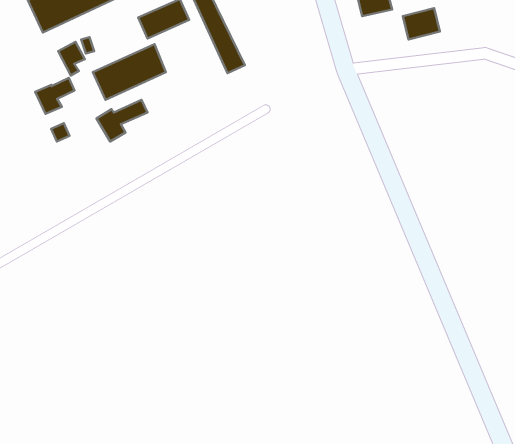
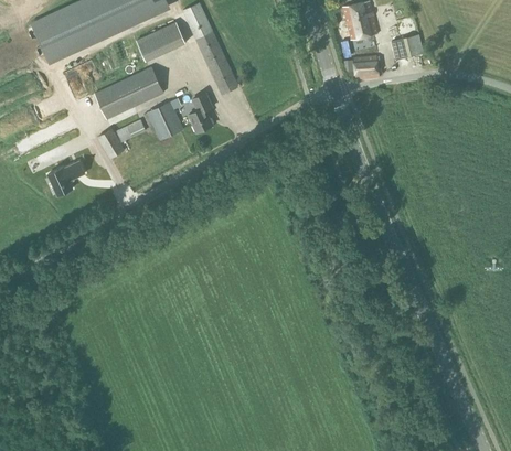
building: none -> [352,55,380,79]
building: none -> [189,93,213,132]
building: [35,78,75,114] -> [47,161,85,195]
building: none -> [143,100,183,140]

